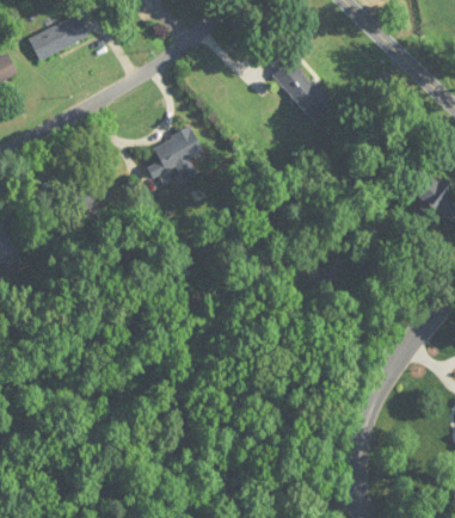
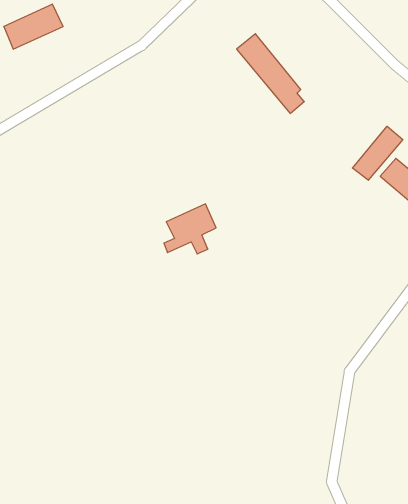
building: [148,127,201,177] -> [164,204,216,254]
building: none -> [352,126,403,180]

